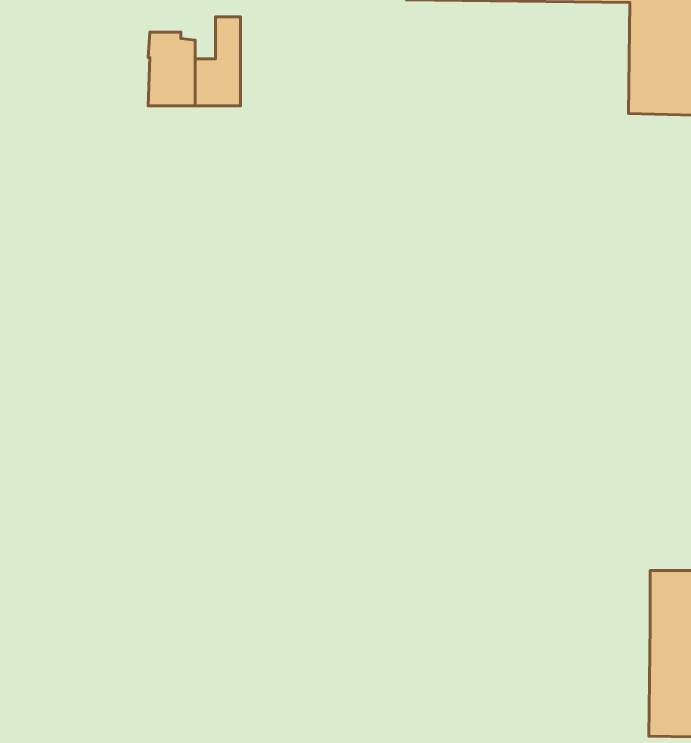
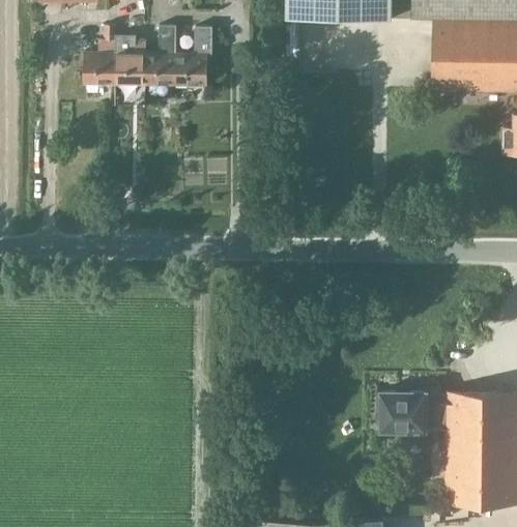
building: none -> [86,27,117,86]
building: none -> [177,28,213,87]
building: none -> [379,392,449,430]

